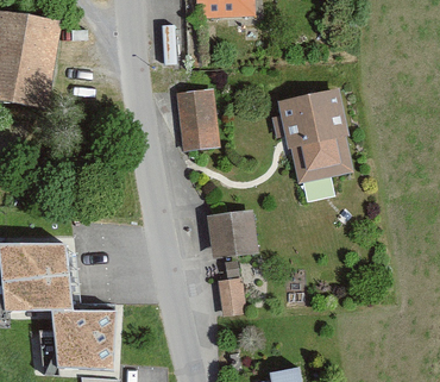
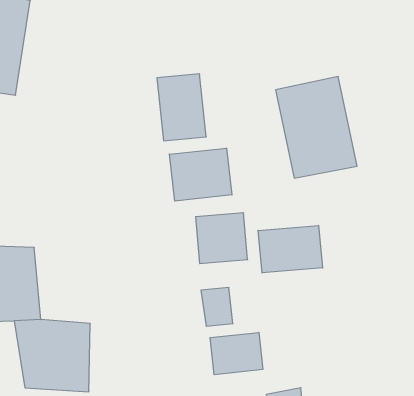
building: none -> [169,148,232,201]
building: none -> [258,225,323,273]
building: none -> [210,332,263,375]

